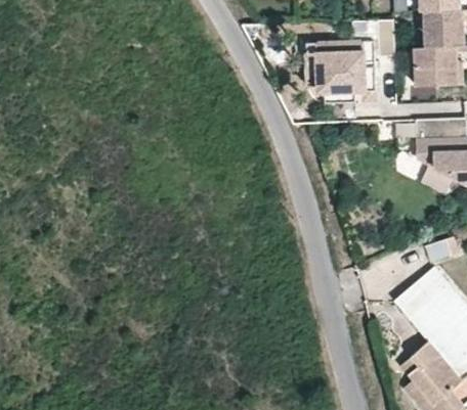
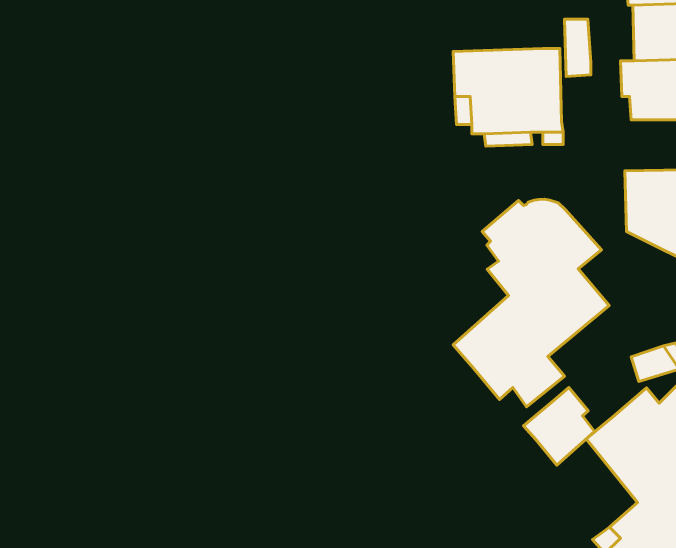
building: none -> [453,199,609,407]
building: none -> [524,387,595,465]

